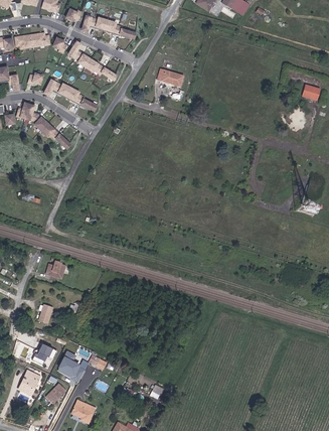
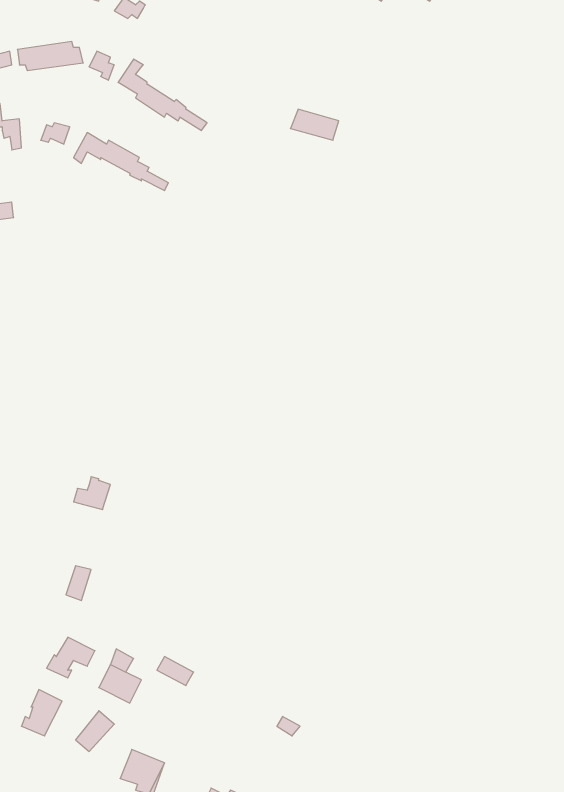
building: [83,16,134,39] -> none
building: [18,104,70,149] -> none

